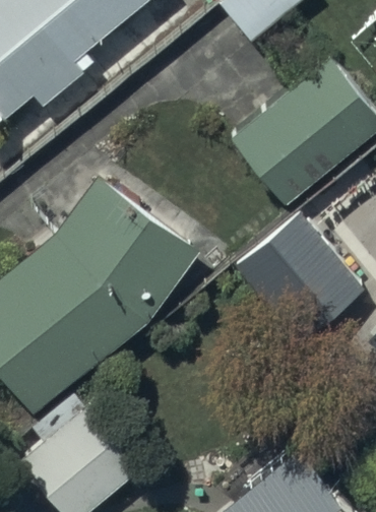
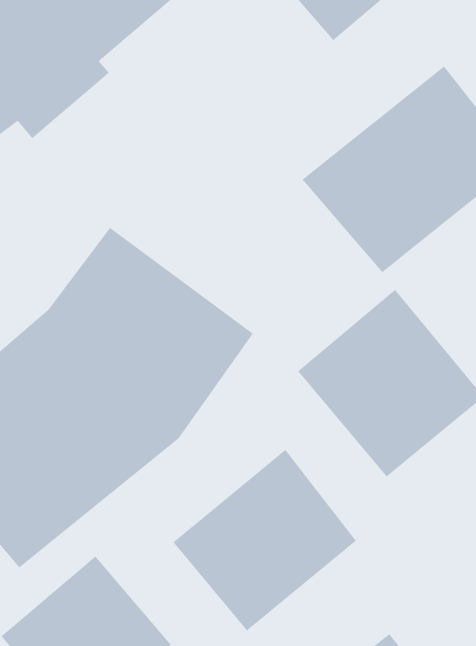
building: none -> [172,449,357,631]

